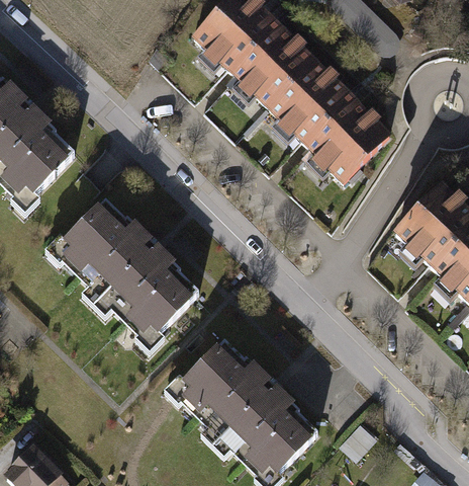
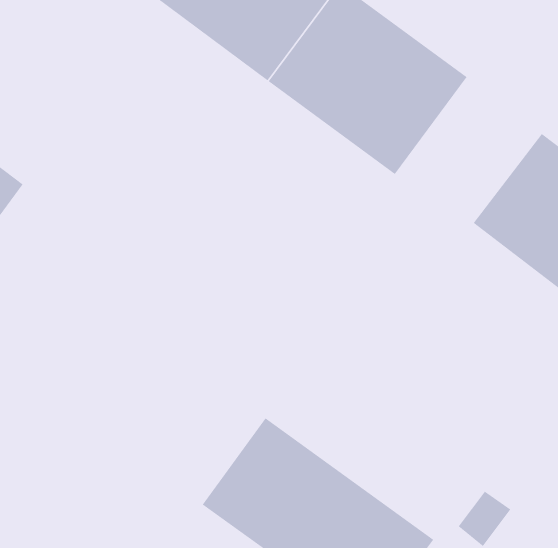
building: [63,206,205,345] -> none

